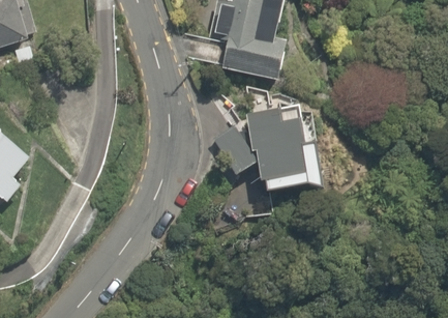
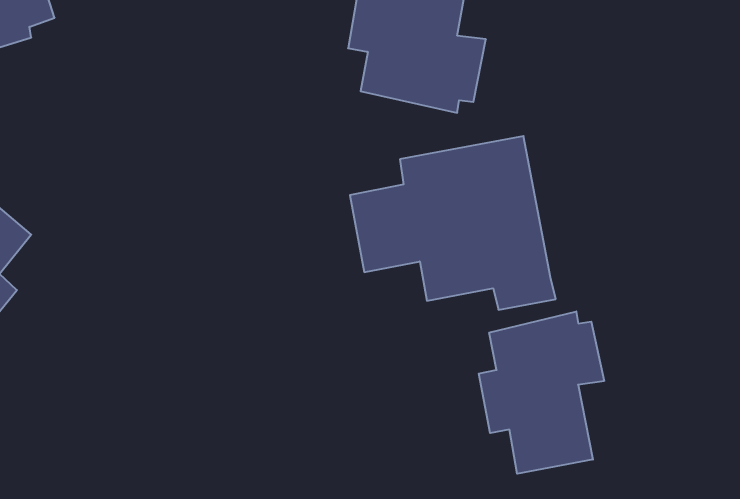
building: none -> [479,311,604,474]

